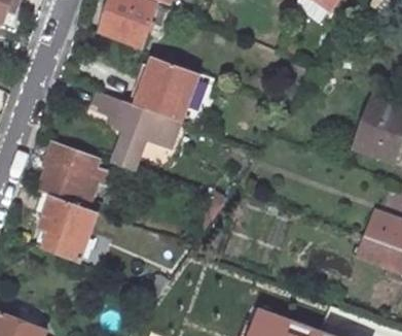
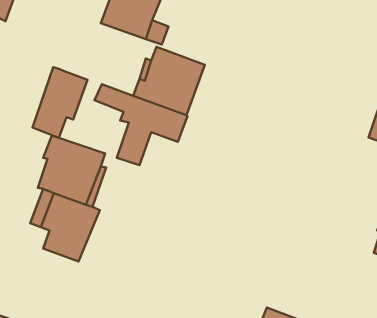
building: none -> [32,67,88,138]

